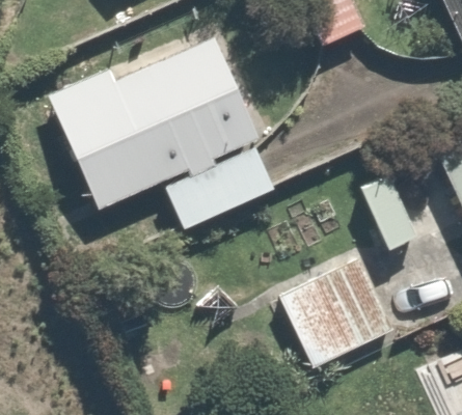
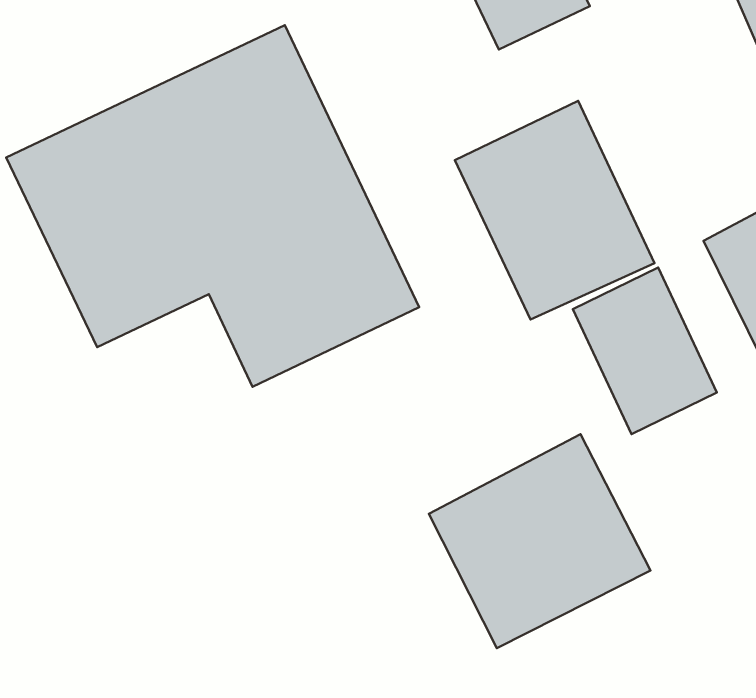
building: none -> [455,101,654,320]

